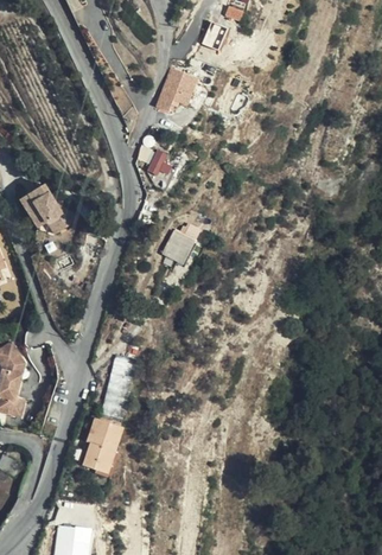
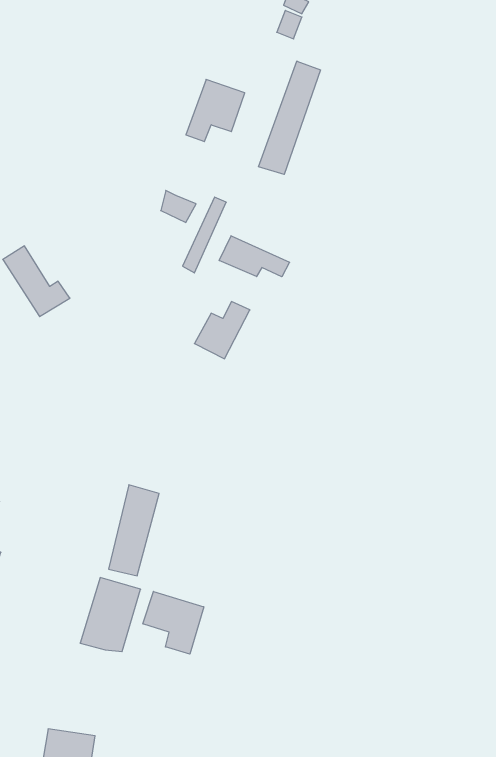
building: none -> [259,61,320,174]
building: none -> [219,236,290,277]
building: none -> [143,591,204,654]

